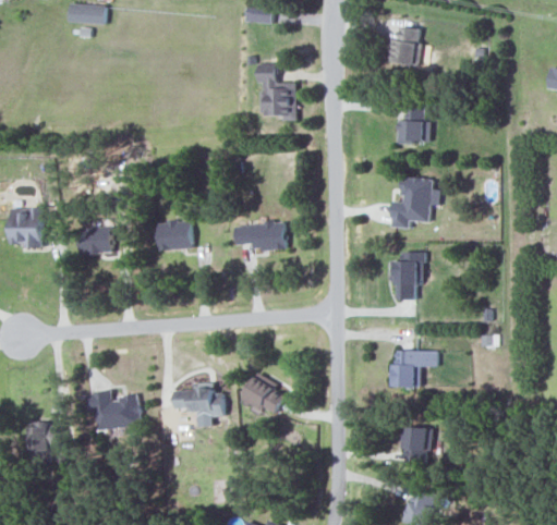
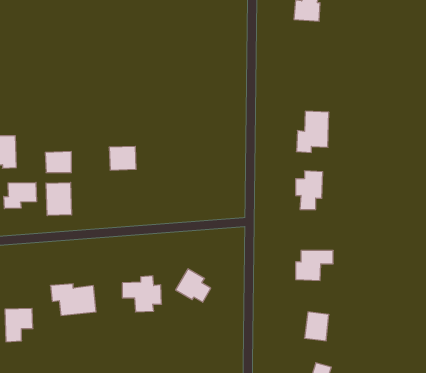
building: [256,63,295,120] -> none
building: [397,107,429,142] -> none
building: [234,222,284,251] -> none
building: none -> [4,182,36,209]
building: none -> [46,182,72,216]

